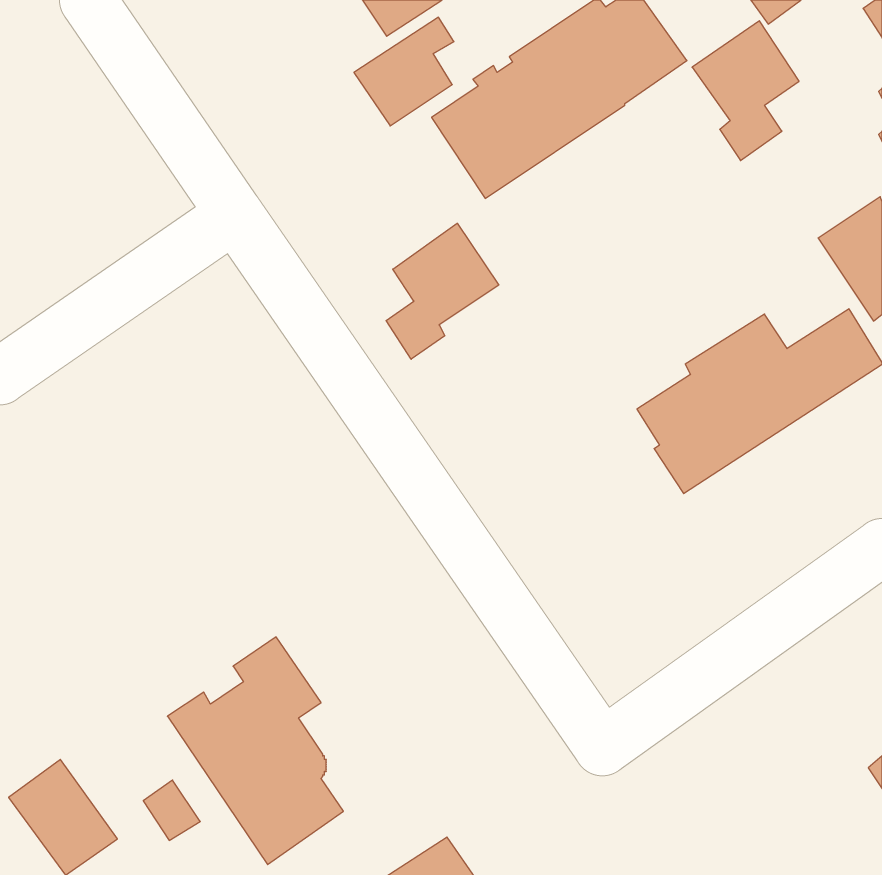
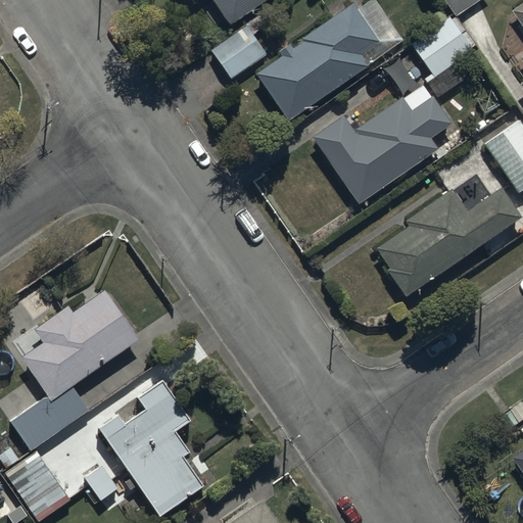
building: none -> [312,87,451,203]
building: [386,223,499,359] -> none
building: none -> [10,289,141,450]

